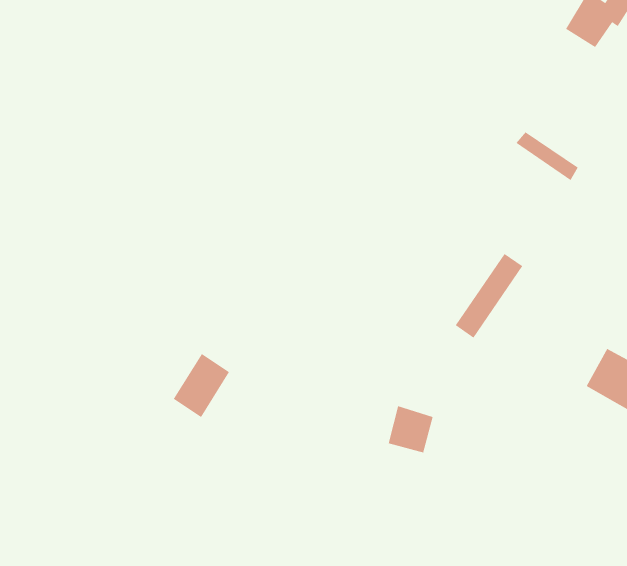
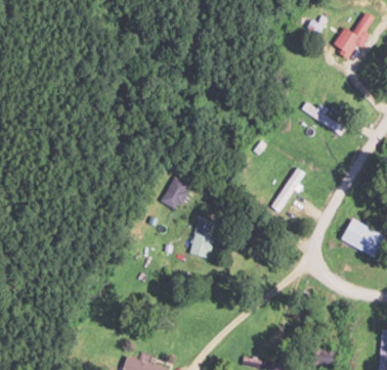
building: [173,353,230,418] -> [159,175,189,210]
building: [388,406,433,453] -> [189,232,214,258]

